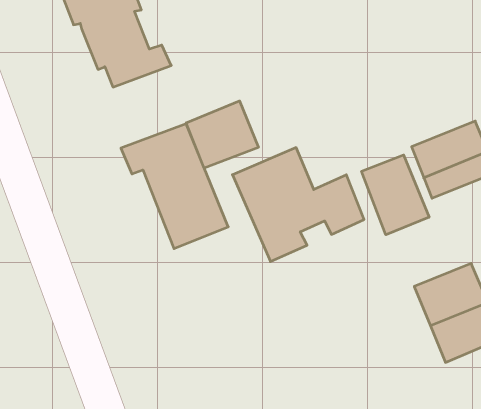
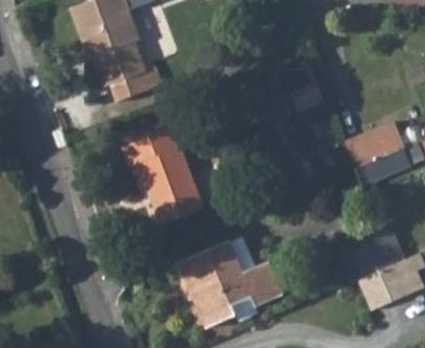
building: [186,101,258,168] -> none
building: [232,148,364,262] -> [181,240,282,327]
building: [362,155,429,235] -> none

